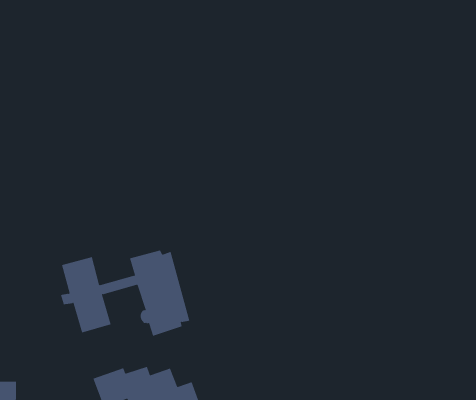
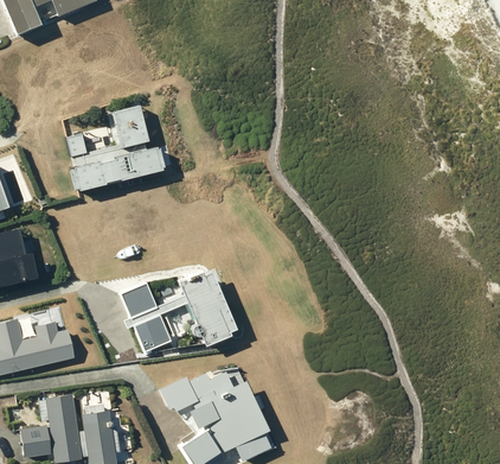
building: none -> [68,106,166,190]

